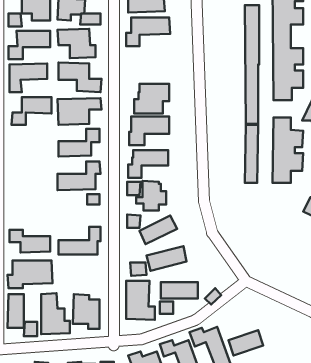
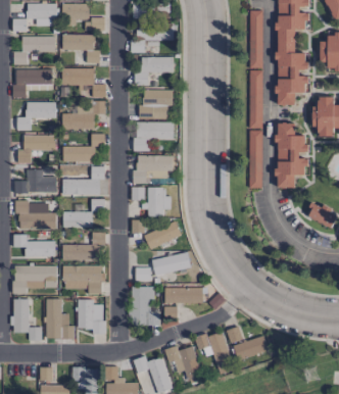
building: none -> [135,56,174,85]
building: none -> [17,135,56,163]
building: none -> [15,169,56,193]
building: none -> [15,201,57,230]
building: none -> [63,211,93,228]
building: none -> [63,265,101,294]

